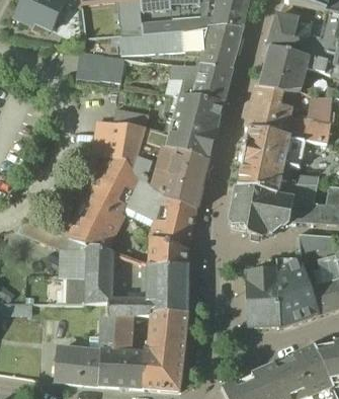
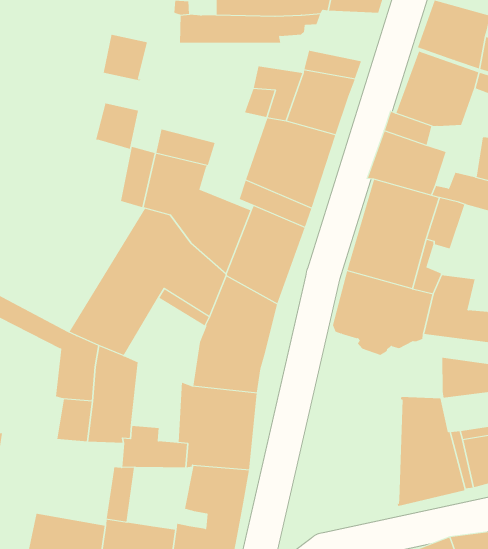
building: [202,24,244,55] -> none
building: [99,54,124,81] -> [95,103,139,149]
building: [248,261,280,327] -> none
building: [114,315,134,351] -> none

